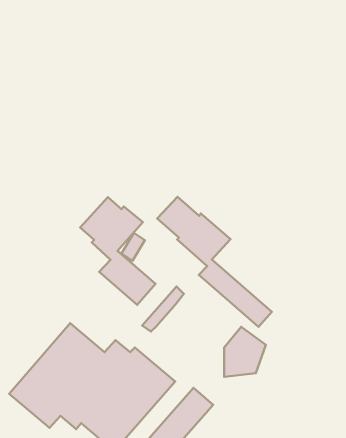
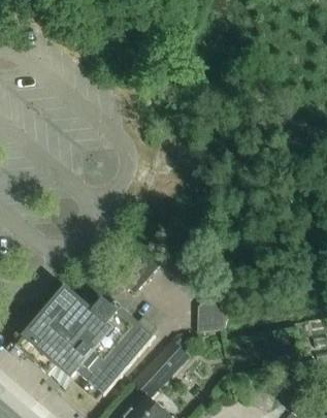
building: [157,197,272,327] -> none
building: [80,197,156,305] -> none

